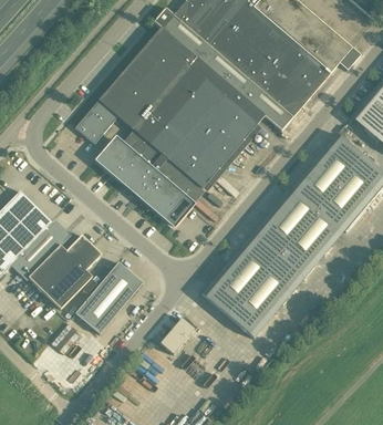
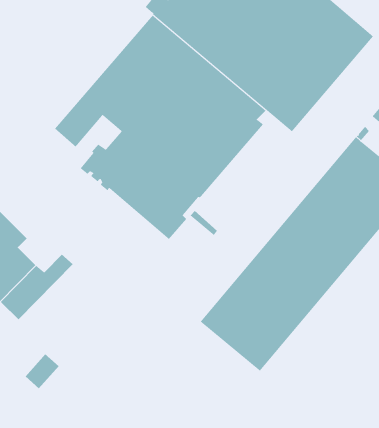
building: [44,245,102,309] -> none
building: [75,262,143,334] -> none
building: [159,318,195,355] -> none

